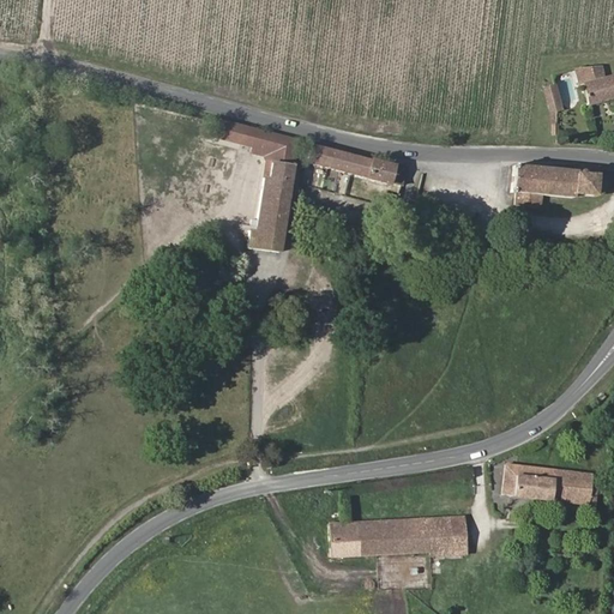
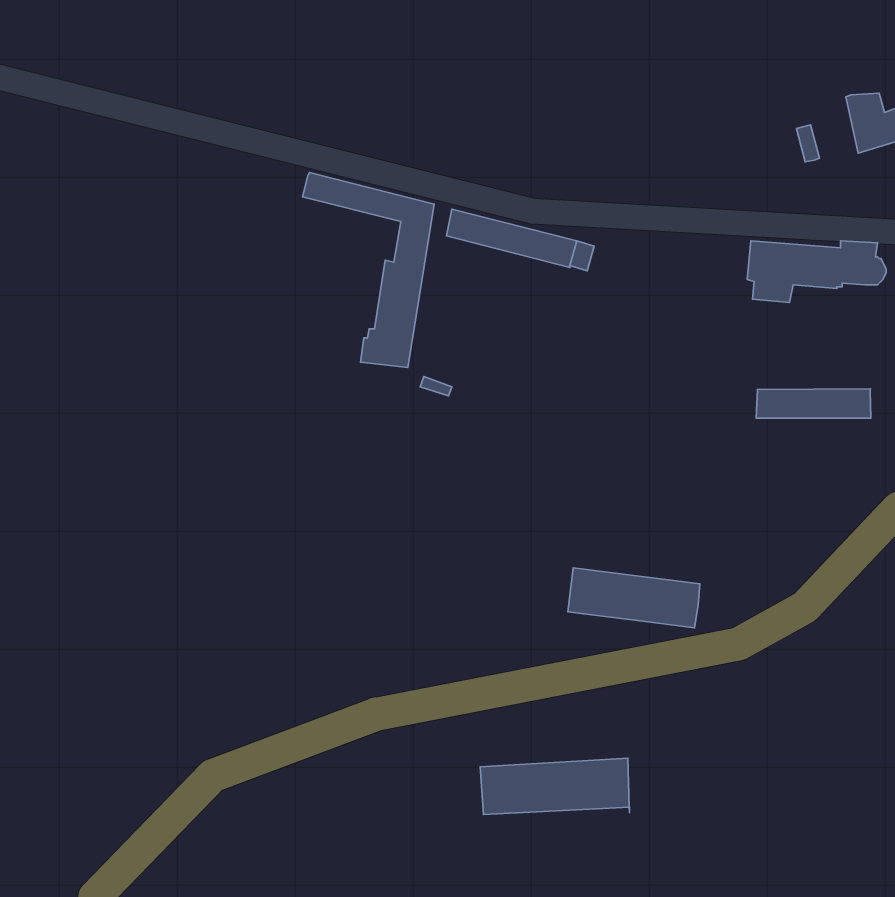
building: none -> [756,389,871,418]
building: [504,463,594,504] -> [568,568,700,628]
building: [431,516,468,554] -> none

